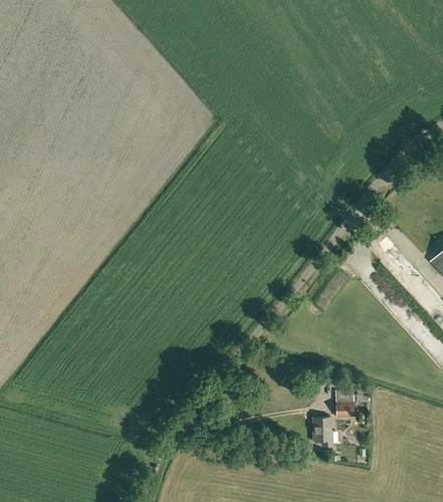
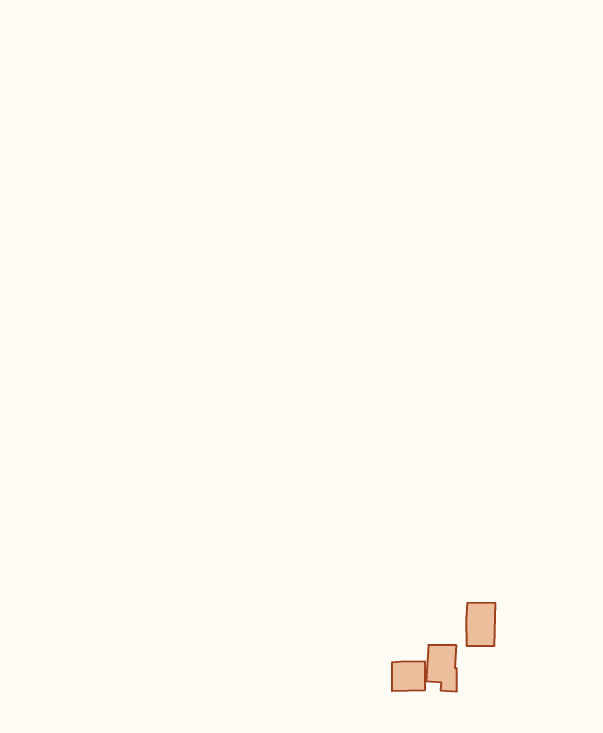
building: none -> [392,661,425,691]

